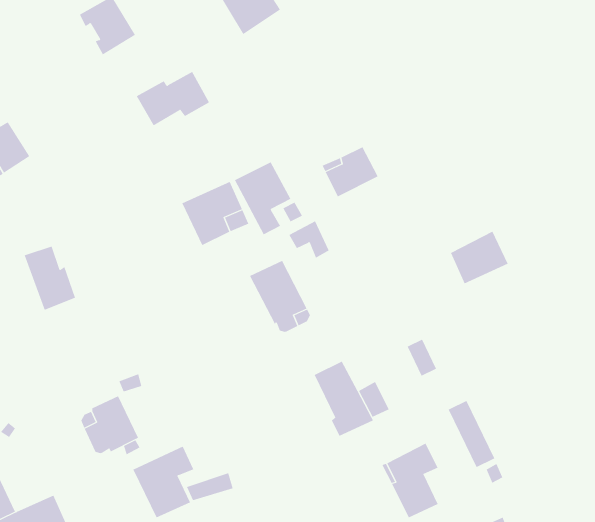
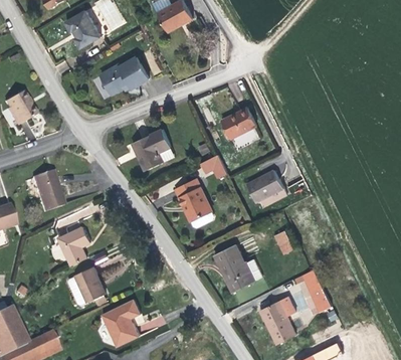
building: [234,161,291,235] -> none
building: [450,231,508,284] -> [246,170,283,204]
building: none -> [57,227,89,265]

